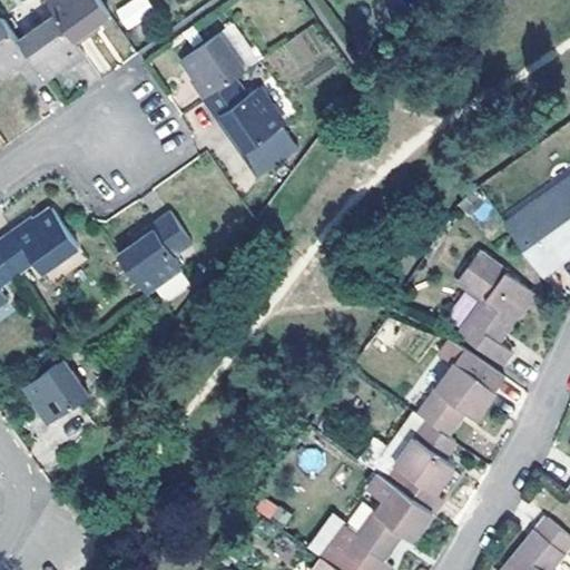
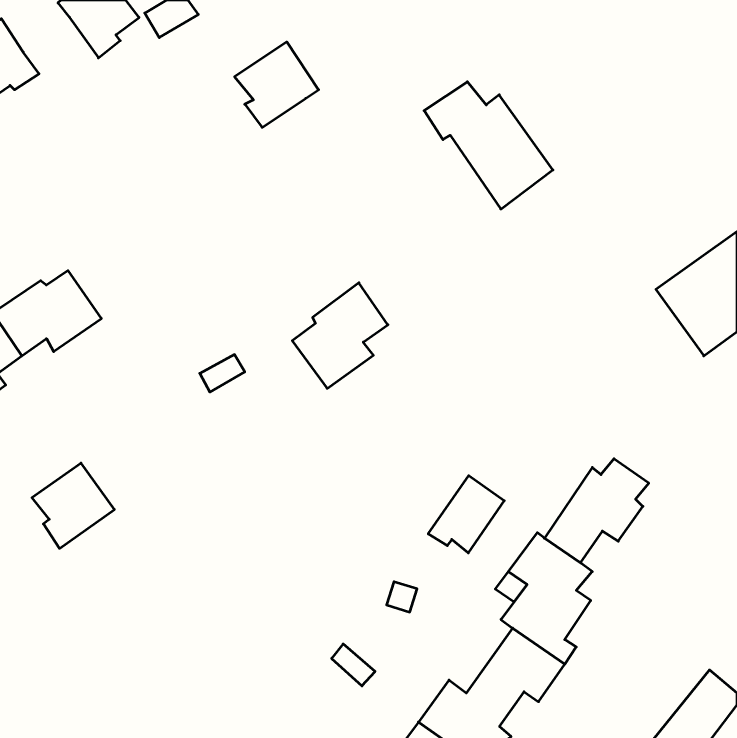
building: [18,14,83,79] -> none
building: [202,77,301,175] -> [424,82,553,209]
building: [118,210,191,292] -> [292,283,388,388]
building: [456,253,532,365] -> none
building: none -> [428,476,504,553]

